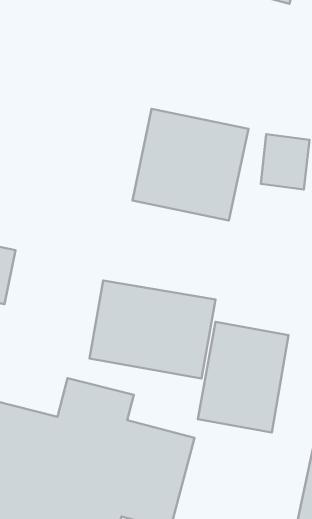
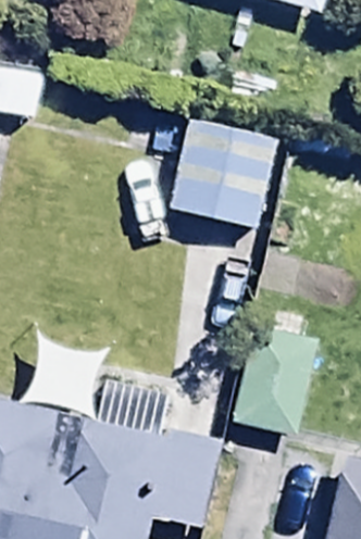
building: [89,280,216,378] -> none

